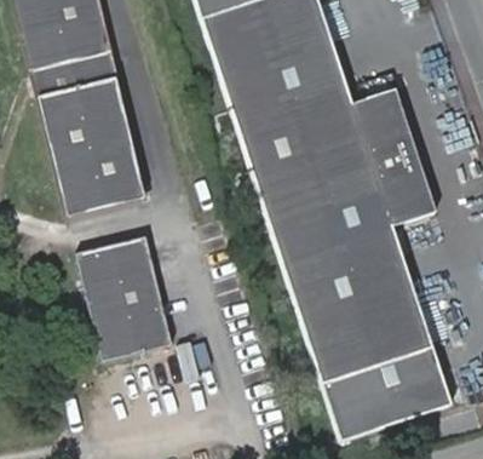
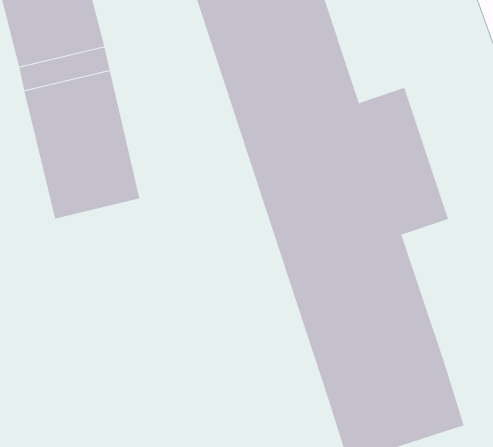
building: [79,240,172,358] -> none

